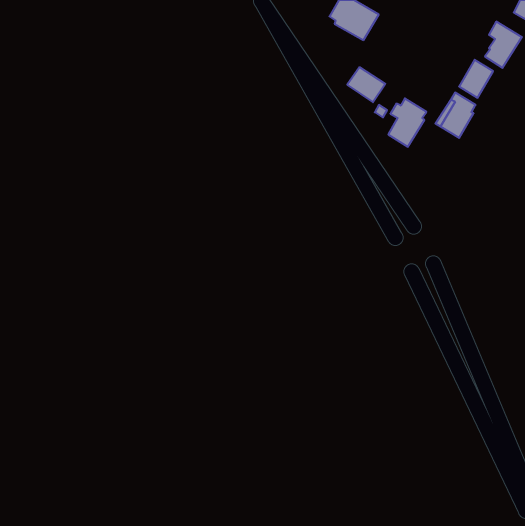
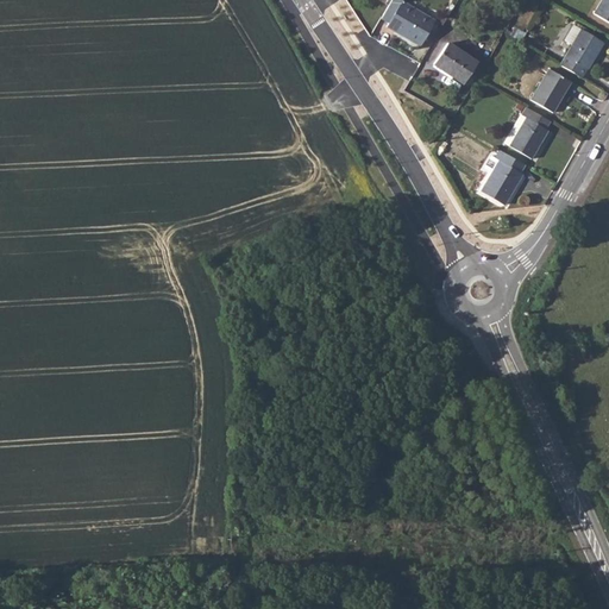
building: [347,67,385,102] -> [434,44,478,84]
building: [388,98,426,147] -> [482,150,526,206]

